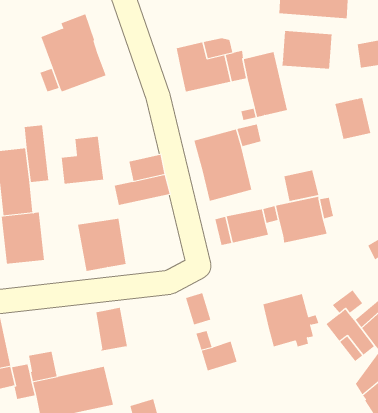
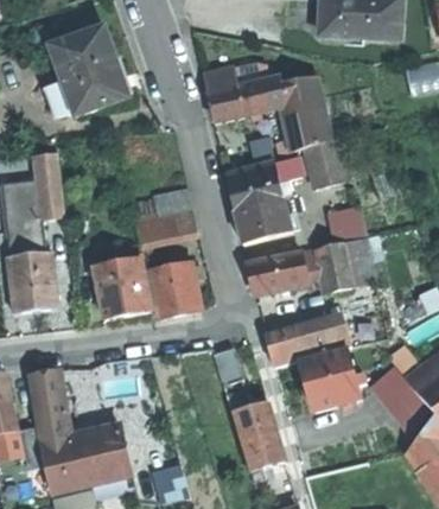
building: [282,30,332,70] -> none
building: [335,98,371,140] -> [305,138,346,185]
building: [61,136,104,185] -> none
building: none -> [147,263,201,320]
building: none -> [266,317,351,365]
building: [95,307,128,351] -> [31,367,68,416]
building: none -> [240,424,285,469]

